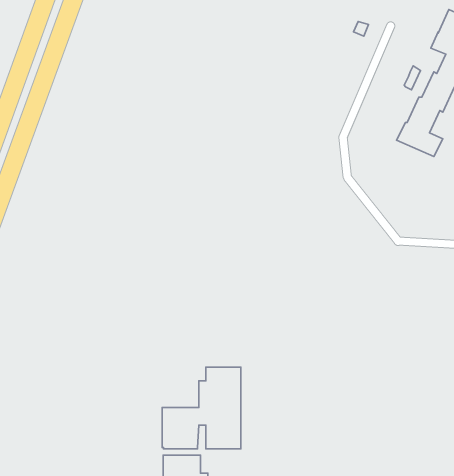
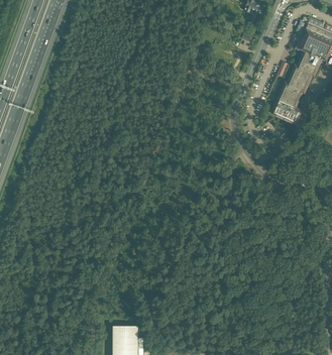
building: [162,367,241,449] -> none

